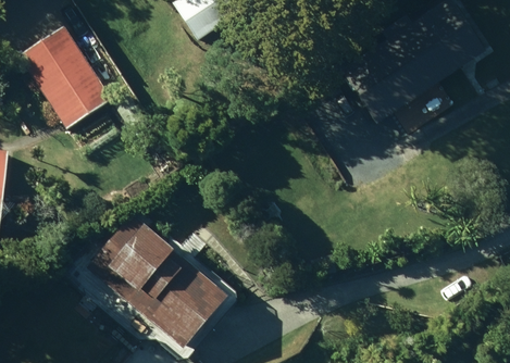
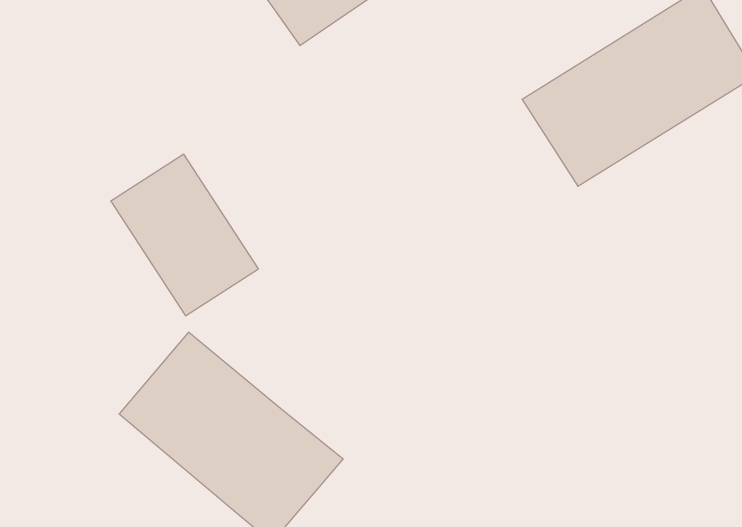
building: [16,30,109,132] -> [111,154,258,316]

